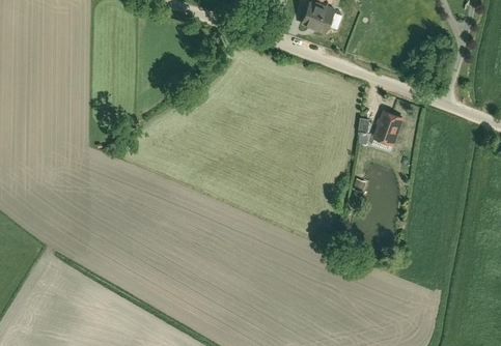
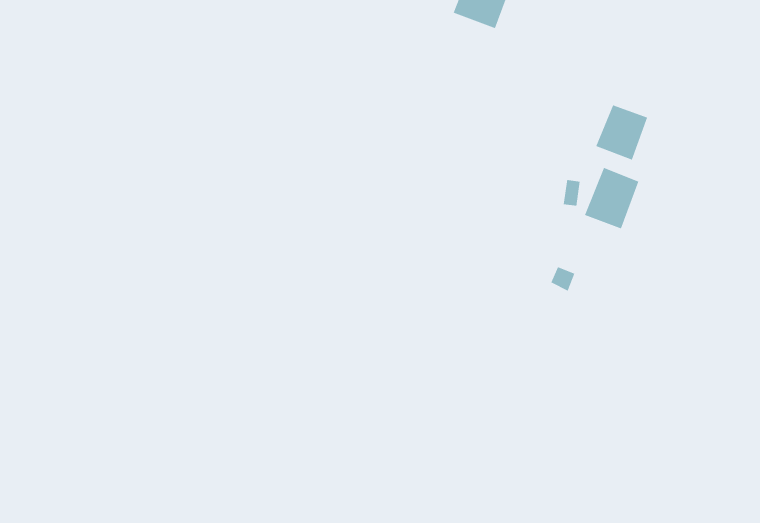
building: none -> [596,104,648,160]

